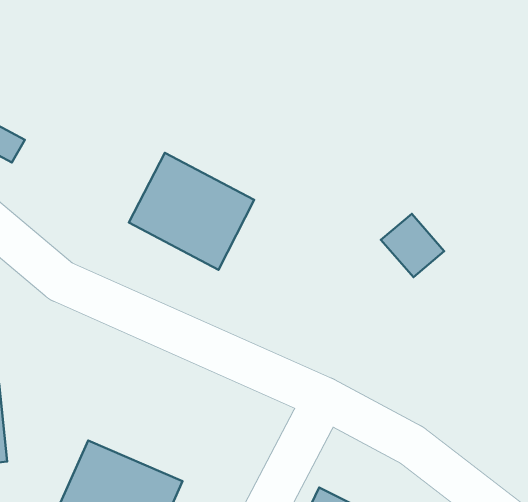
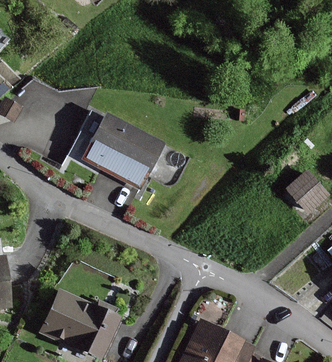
building: [381,214,444,277] -> [287,171,326,210]

